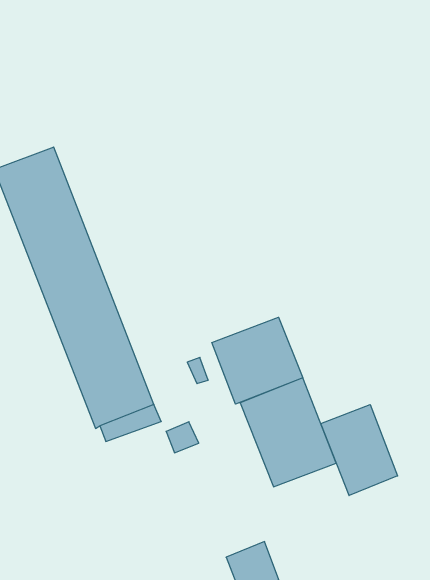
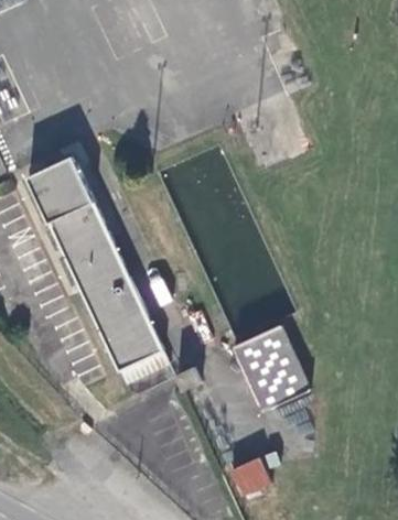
building: [212,317,303,404] -> none
building: [321,405,398,496] -> none

